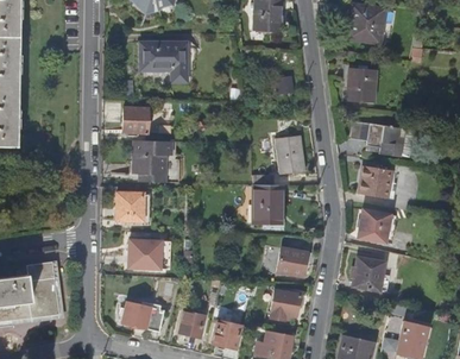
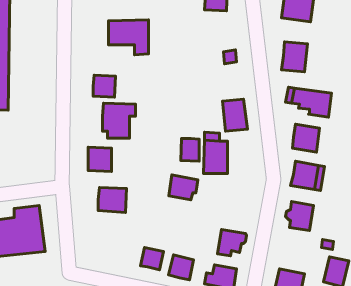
building: none -> [181,138,199,161]
building: [277,246,311,276] -> [169,175,198,200]
building: [121,301,164,330] -> none

